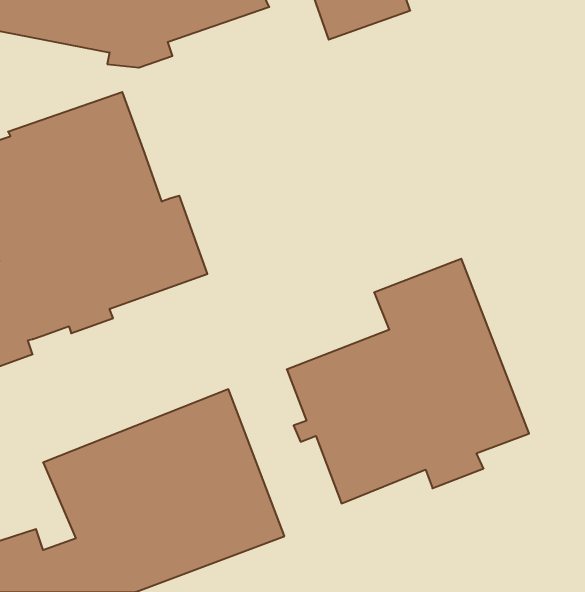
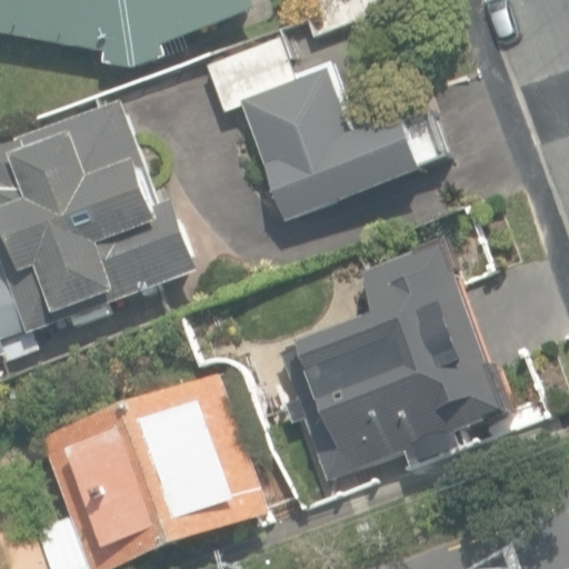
building: none -> [202,34,443,220]

